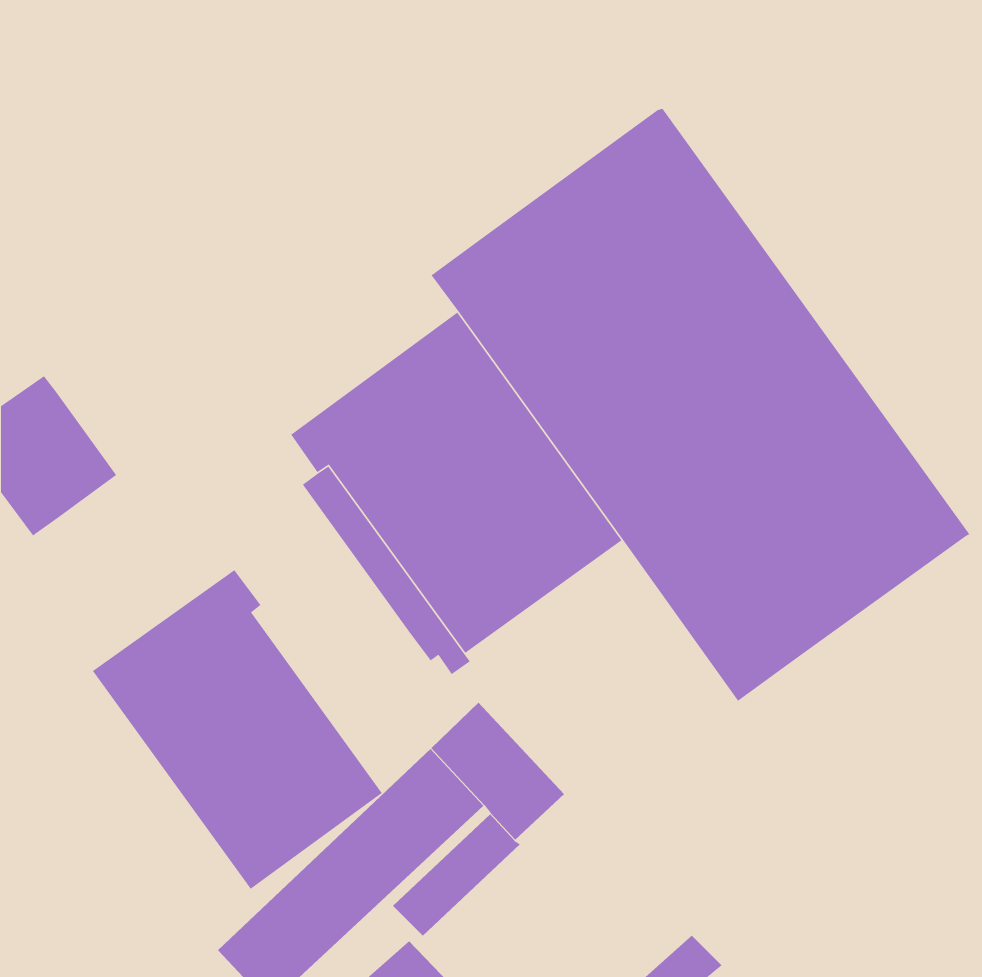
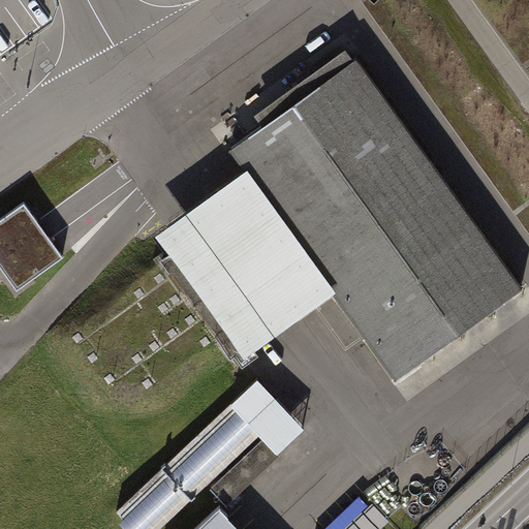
building: [92,569,383,890] -> none

